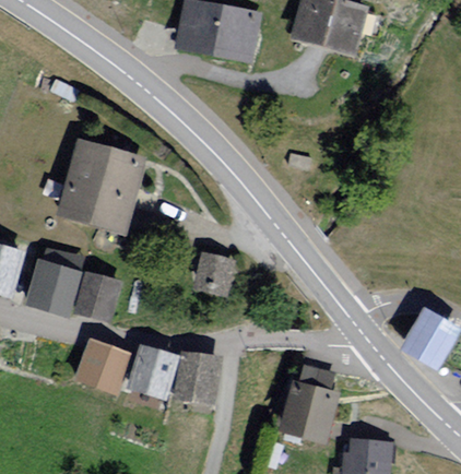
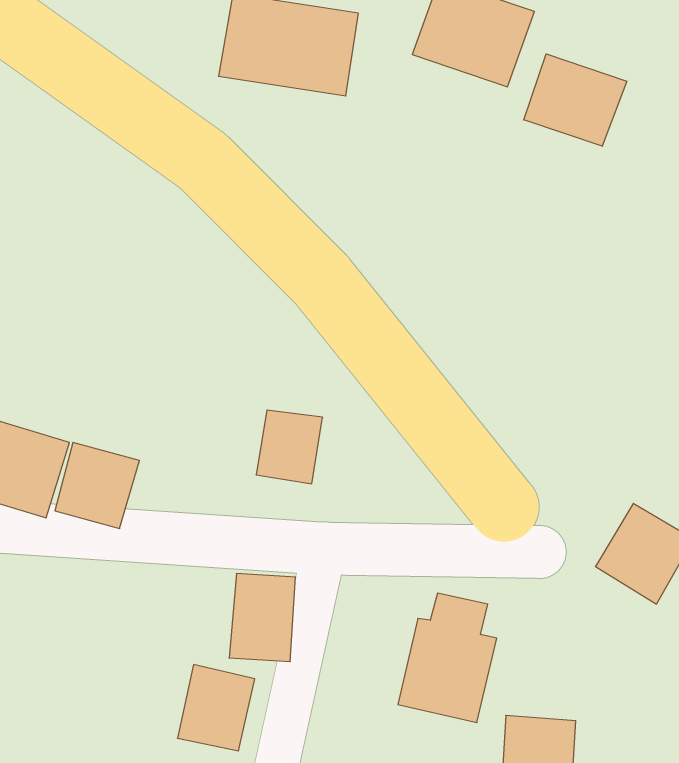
building: none -> [524,54,627,146]
building: [60,141,145,236] -> none
building: [73,337,132,394] -> none
building: [130,345,177,398] -> [177,665,255,751]

